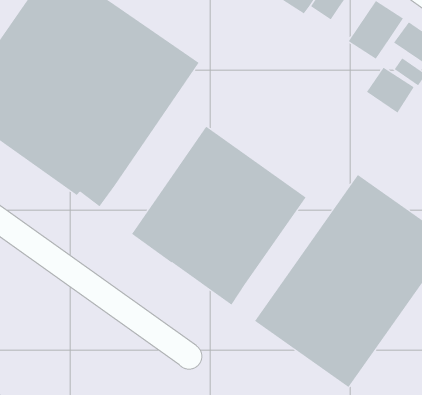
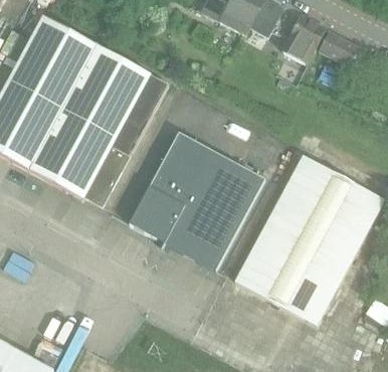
building: [366,67,415,113] -> none

